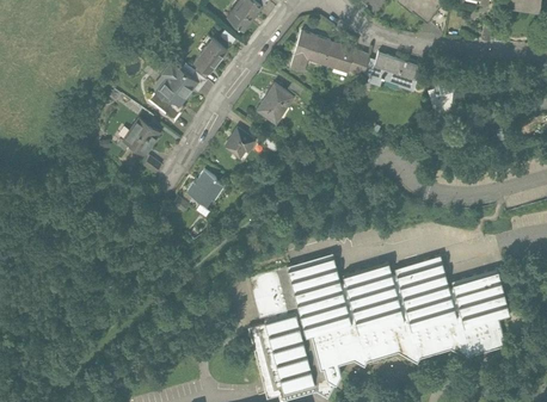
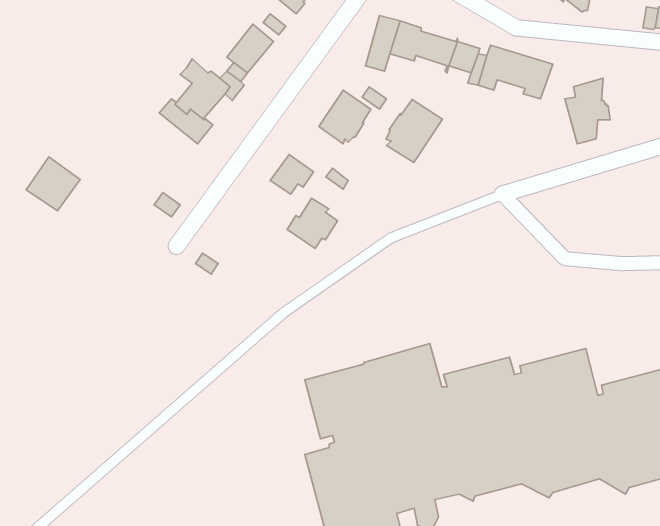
building: none -> [386,99,443,162]
building: [122,117,159,154] -> [26,157,80,211]
building: [188,169,222,204] -> [287,198,338,249]

